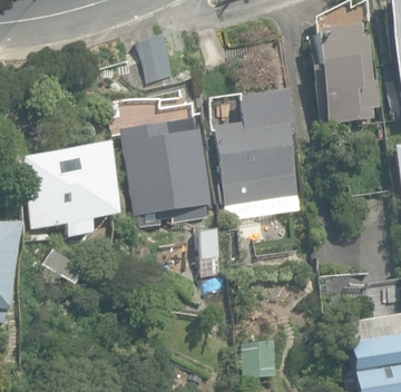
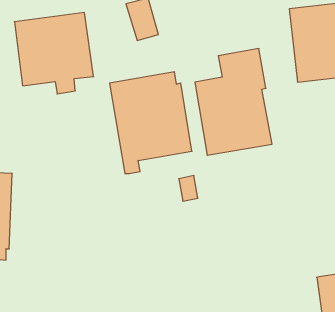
building: [23,147,110,236] -> [14,13,94,94]

